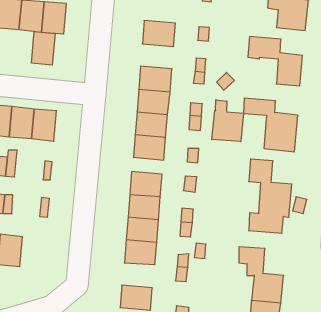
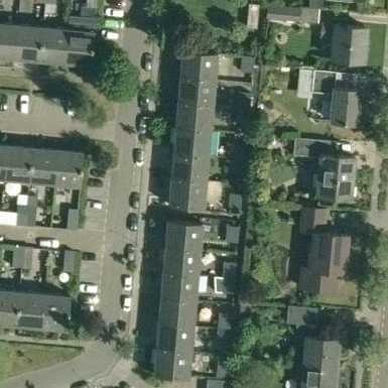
building: [32,31,55,65] -> none
building: none -> [177,78,215,106]
building: [212,100,243,142] -> none
building: none -> [41,295,71,331]
building: none -> [156,325,193,353]

